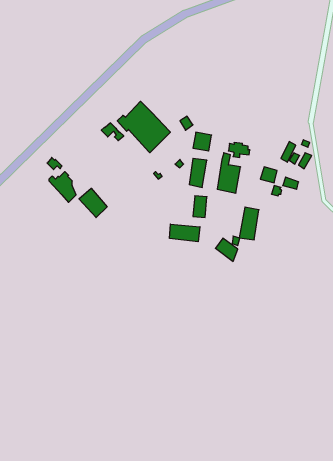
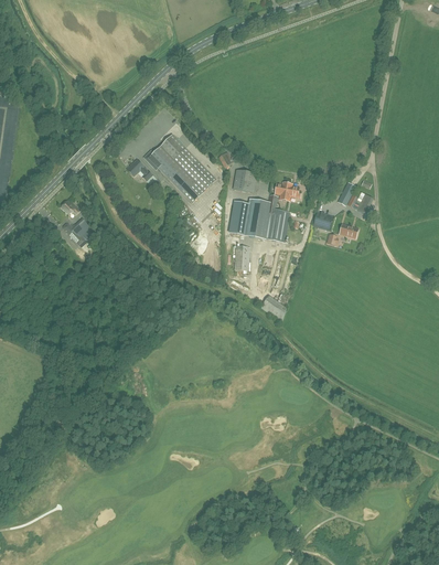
building: [79,188,107,218] -> none
building: [239,207,259,240] -> [244,199,267,237]
building: [170,224,200,242] -> none

